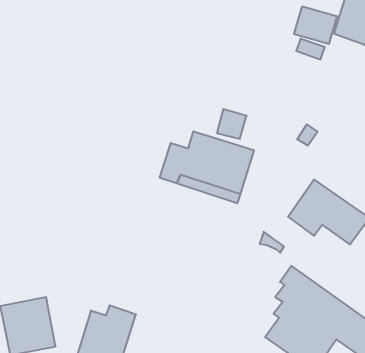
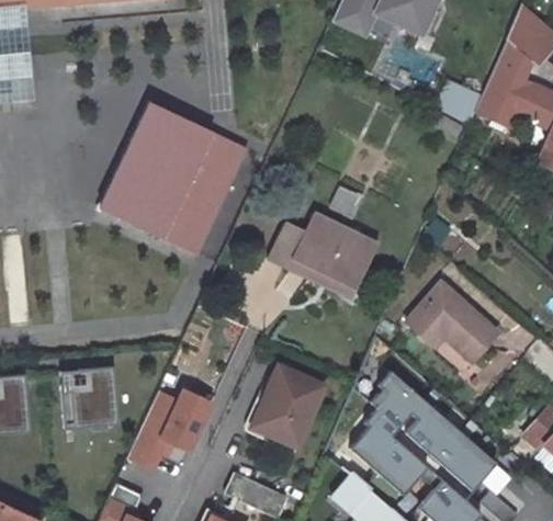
building: none -> [95,97,242,248]
building: none -> [250,365,318,444]

